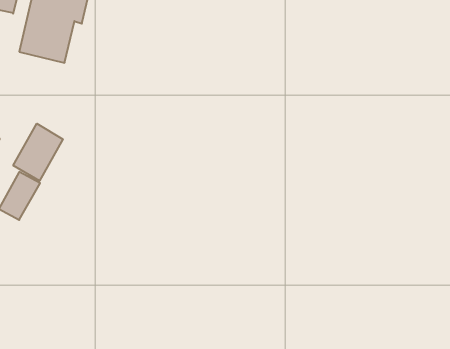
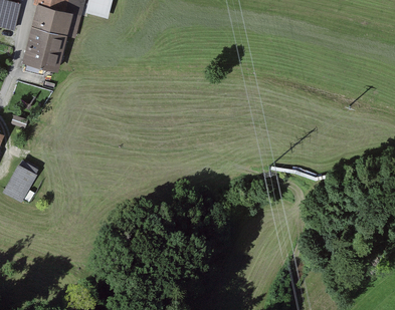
building: [13,124,63,181] -> none

